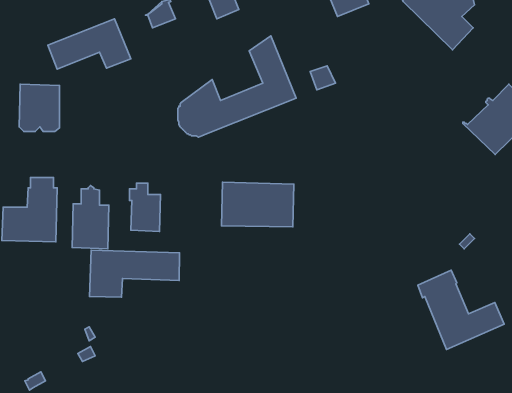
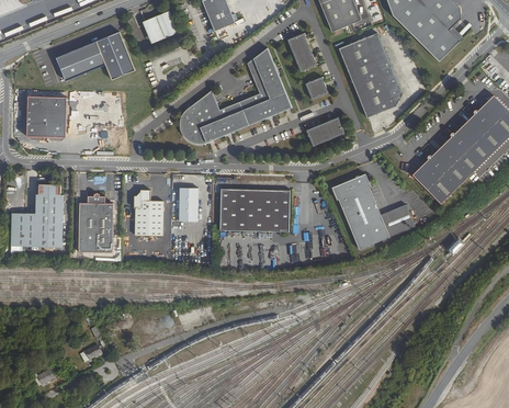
building: none -> [339,32,403,116]
building: none -> [287,33,317,71]
building: none -> [306,117,344,146]
building: none -> [412,132,482,203]
building: none -> [179,186,199,220]
building: [89,250,180,297] -> none
building: [418,270,504,350] -> [331,173,414,249]

